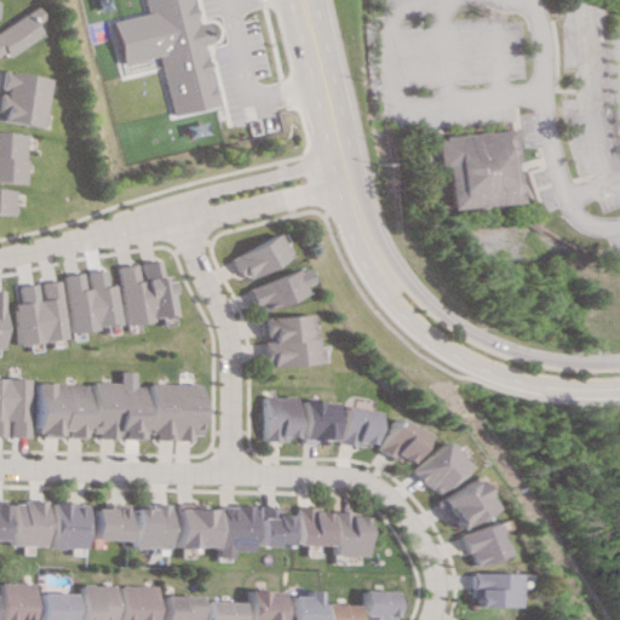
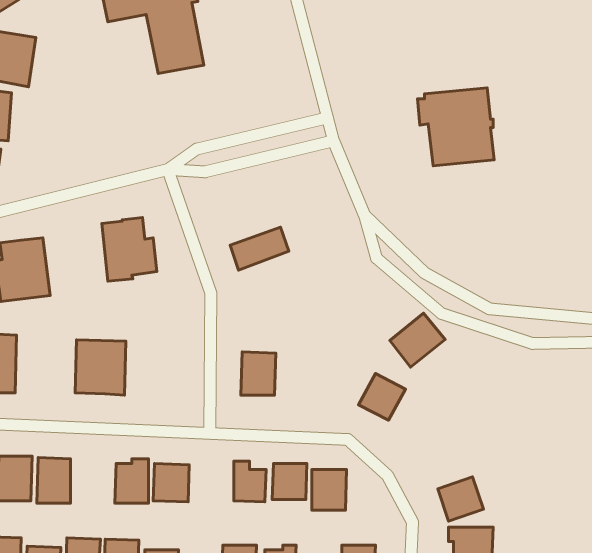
building: [232,235,294,282] -> none
building: [65,270,124,334] -> none
building: [264,315,328,368] -> none
building: [40,385,91,440] -> none
building: [151,385,201,441] -> none
building: [302,402,335,444] -> none
building: [341,408,379,448] -> none
building: [414,442,470,496] -> [390,313,445,367]
building: [438,482,490,530] -> none
building: [96,505,130,541] -> none
building: [213,506,249,558] -> none

